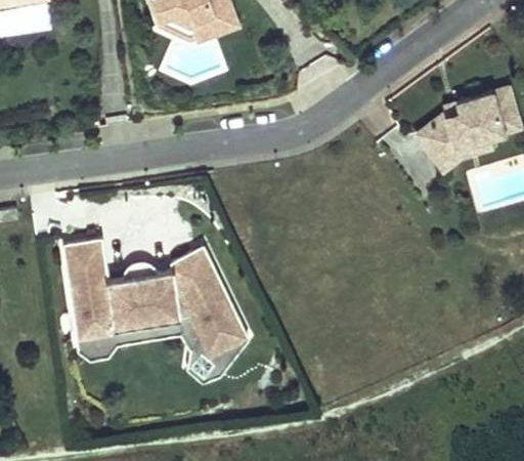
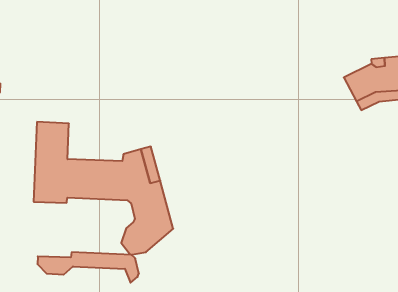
building: [79,318,201,355] -> [37,252,139,283]

